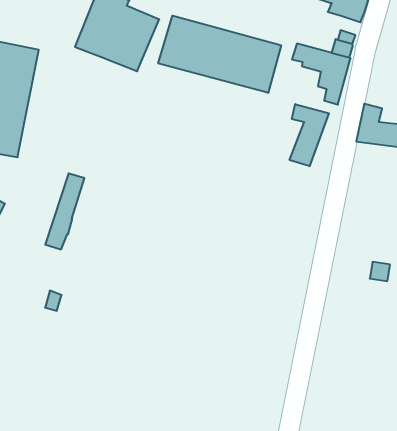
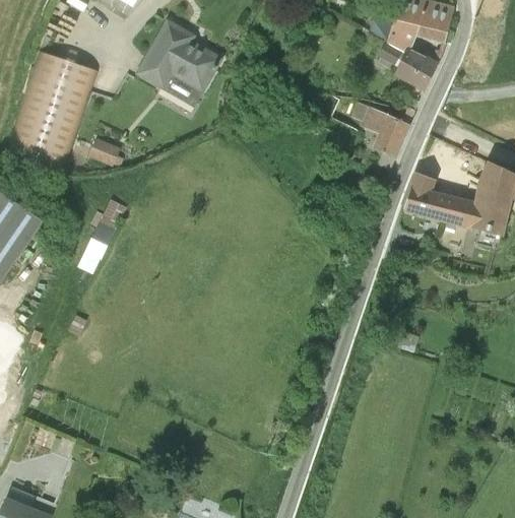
building: [158,16,281,93] -> none
building: [290,104,329,166] -> none
building: none -> [87,137,123,167]

